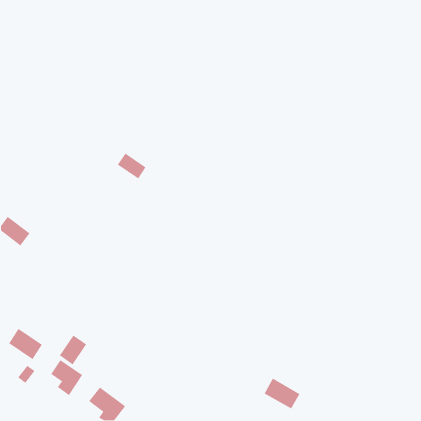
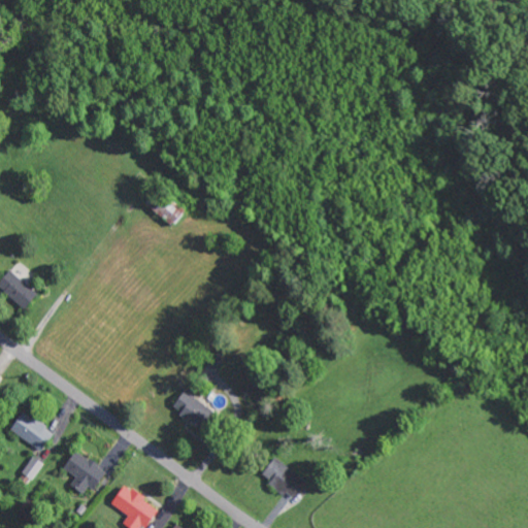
building: none -> [171,389,212,428]
building: [59,334,87,365] -> none
building: [264,377,301,410] -> [260,458,306,498]

